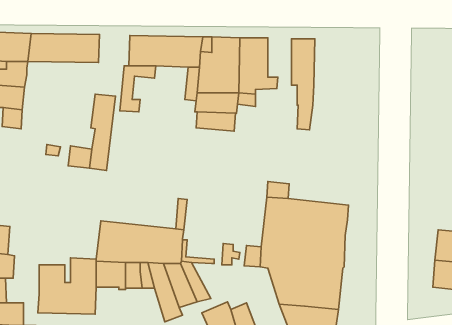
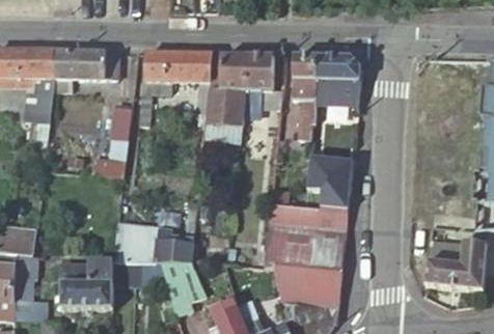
building: none -> [315,55,361,102]
building: none -> [320,156,352,196]

